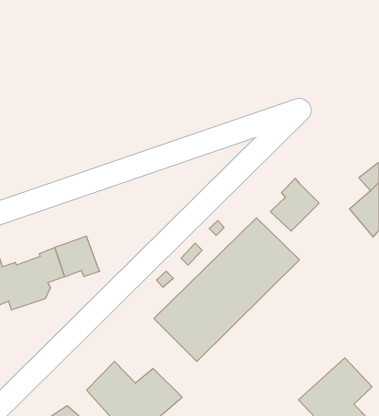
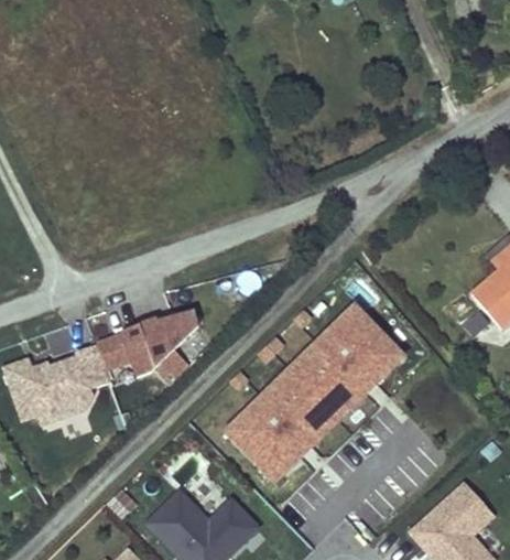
building: [271,178,319,231] -> none
building: none -> [140,311,211,379]

